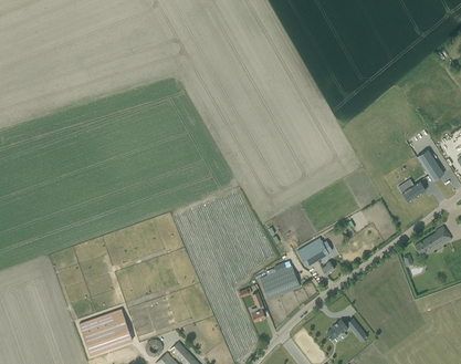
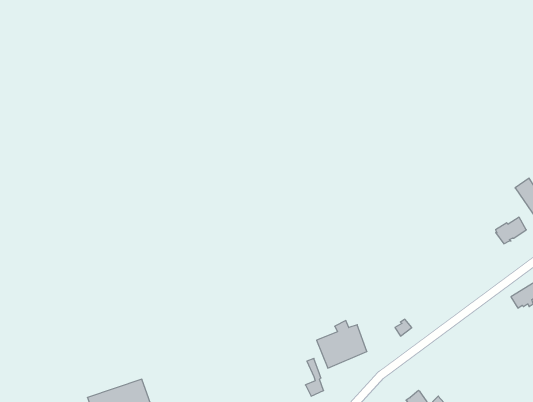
building: [297,238,332,267] -> none

